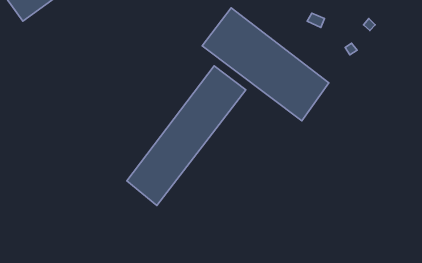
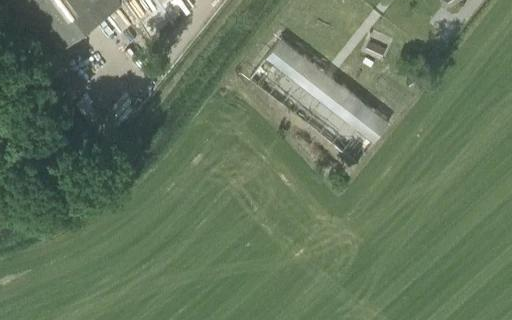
building: [127,66,246,206] -> none

